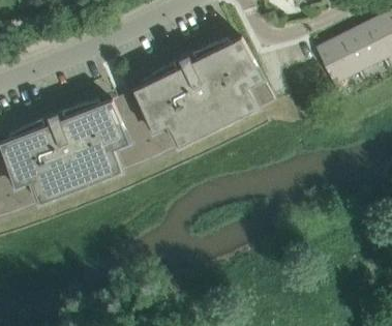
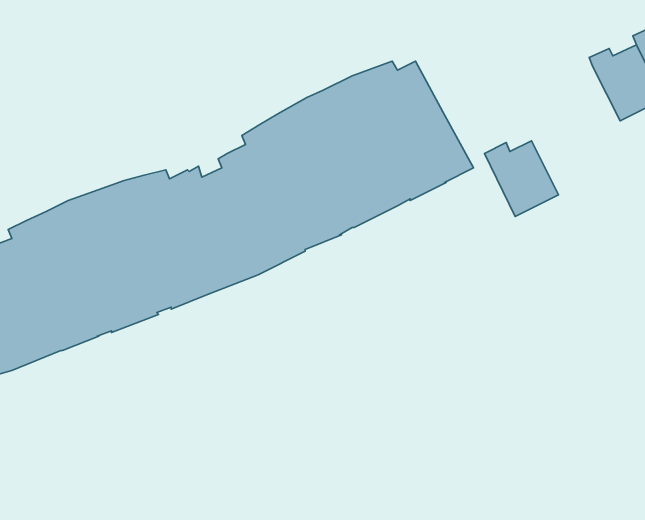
building: [316,40,359,84] -> [484,141,559,217]

